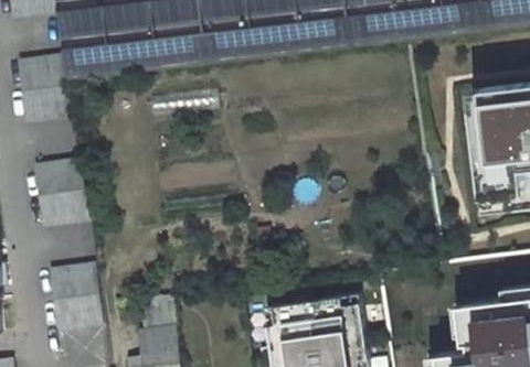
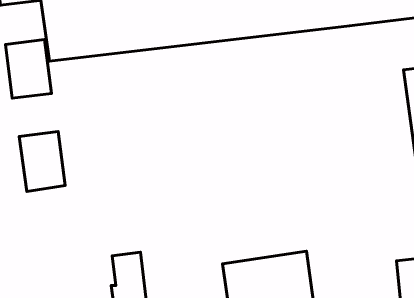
building: [50,262,103,330] -> none

